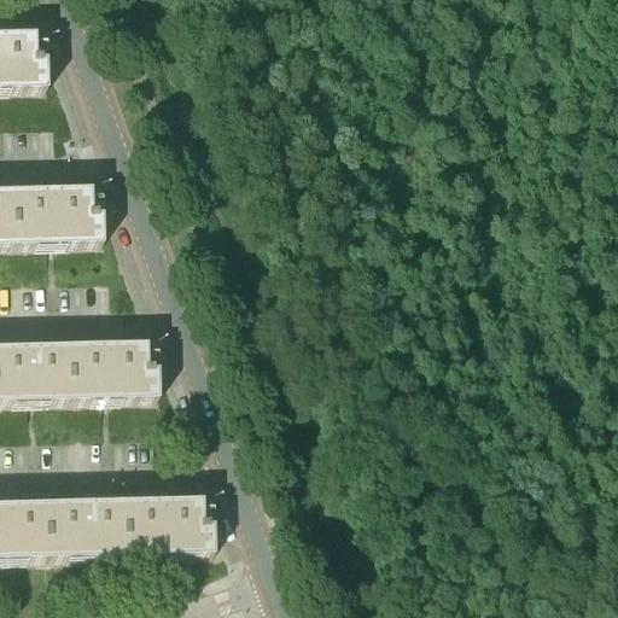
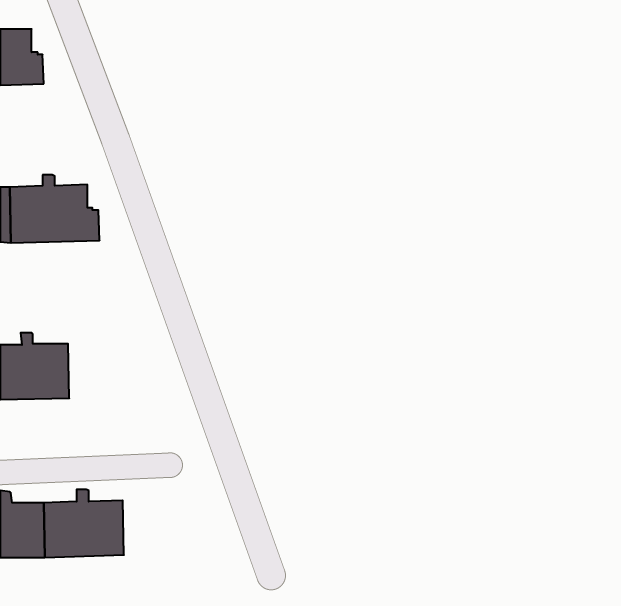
building: [68,328,154,396] -> none
building: [122,484,210,552] -> none

